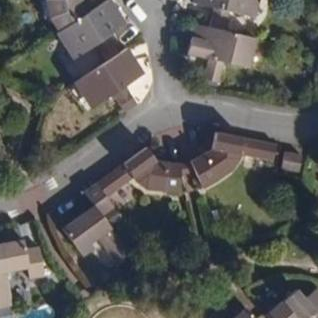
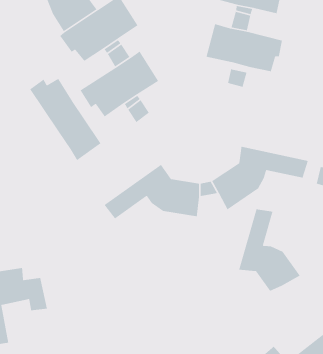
building: none -> [29,78,102,161]
building: [62,183,131,264] -> none
building: none -> [238,208,301,292]

